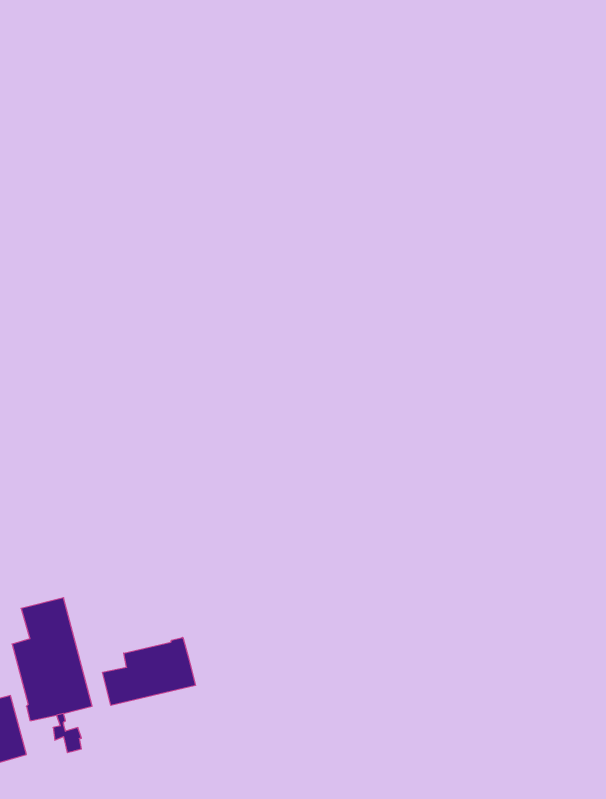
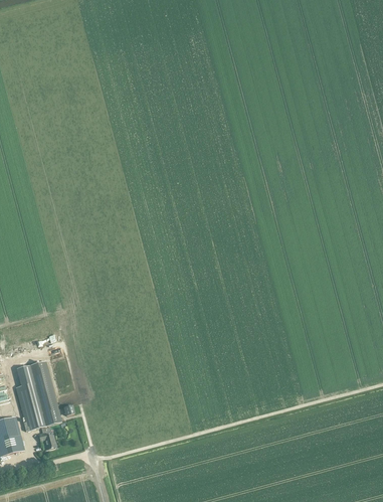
building: [103,637,195,705] -> none

